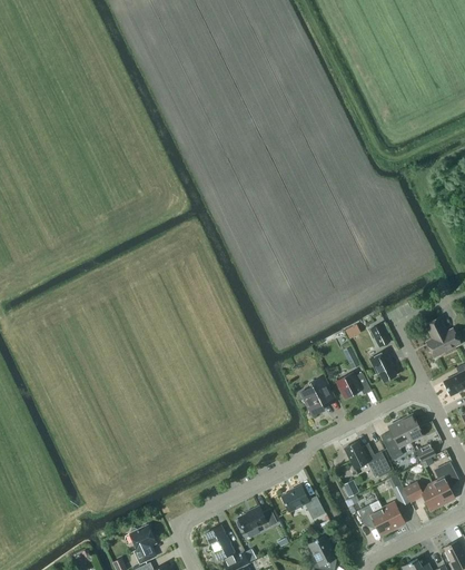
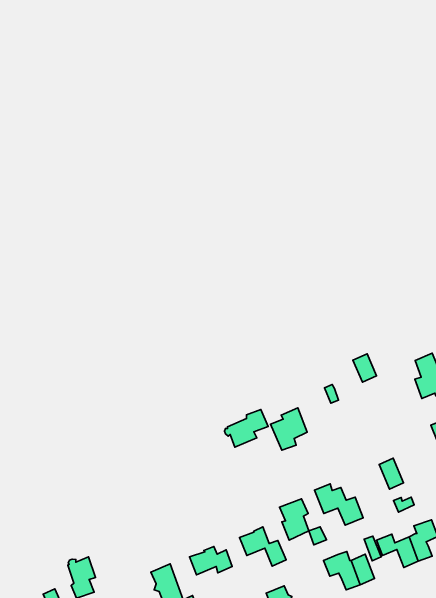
building: [369,351,396,382] -> none
building: [336,373,372,400] -> none
building: none -> [224,410,268,447]
building: [386,421,412,460] -> none
building: none -> [280,499,309,540]

